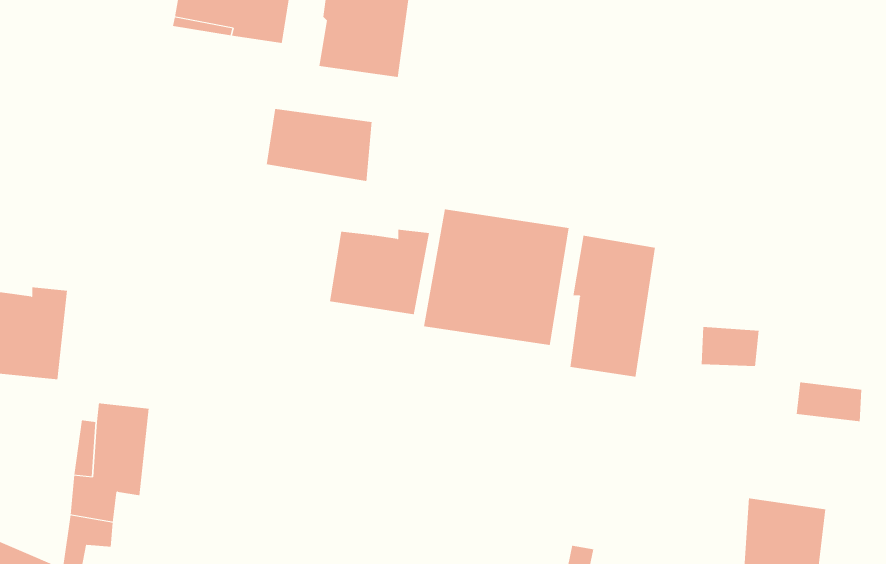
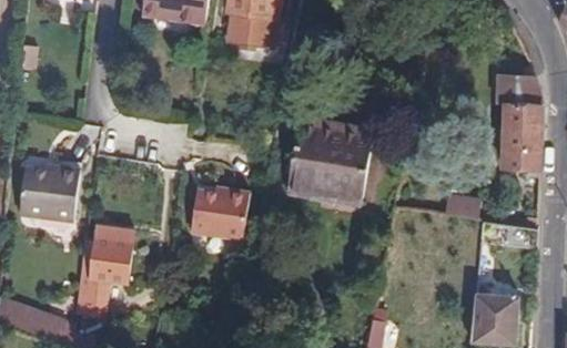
building: [266,108,372,182] -> none
building: none -> [506,73,550,170]
building: [329,229,430,315] -> [189,194,247,244]
building: [570,235,655,377] -> none

